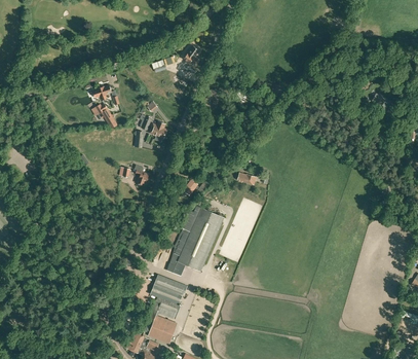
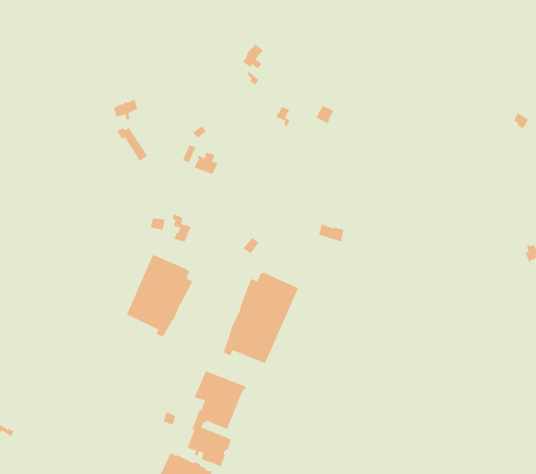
building: none -> [126,254,194,337]

